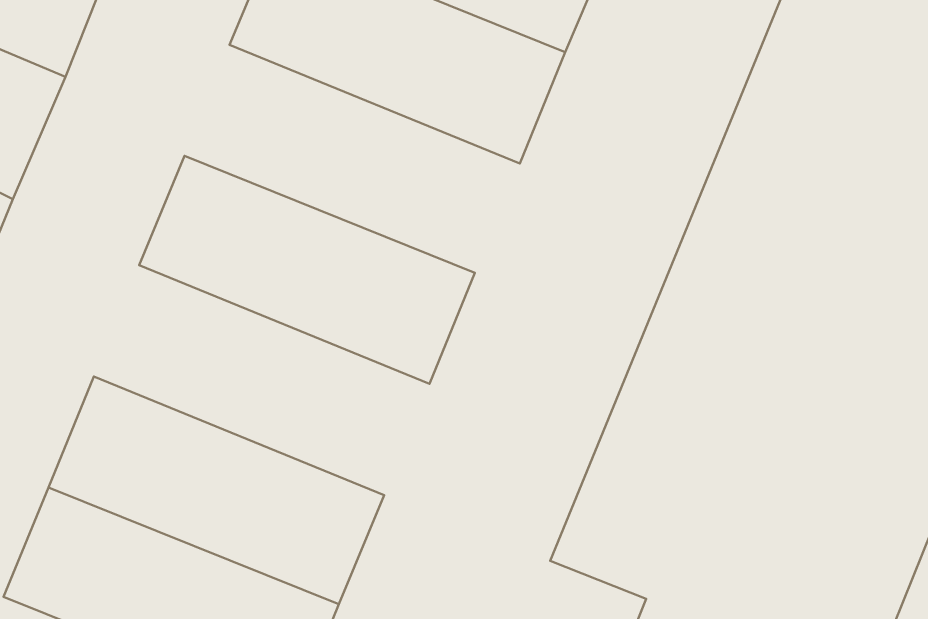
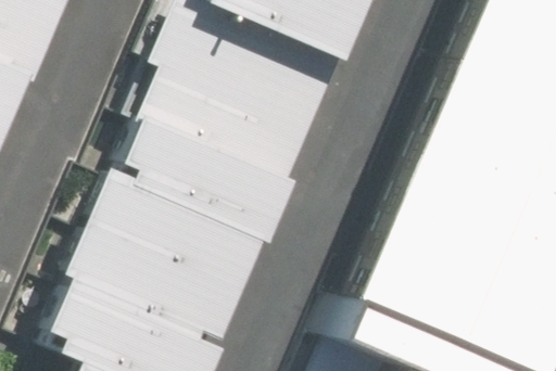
building: none -> [125,35,318,166]
building: none -> [73,162,266,294]

